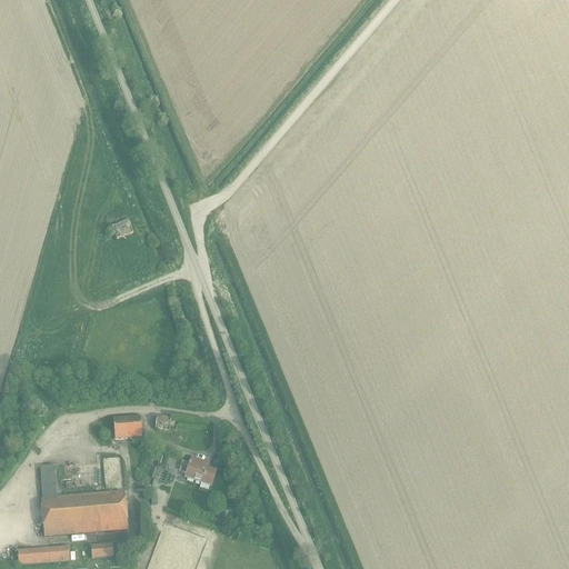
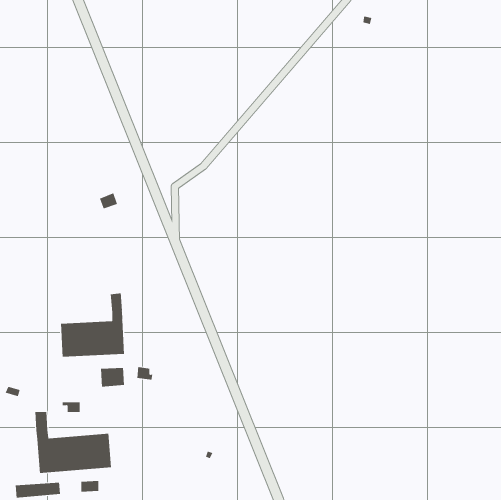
building: none -> [61,292,124,358]
building: [180,456,217,485] -> none

